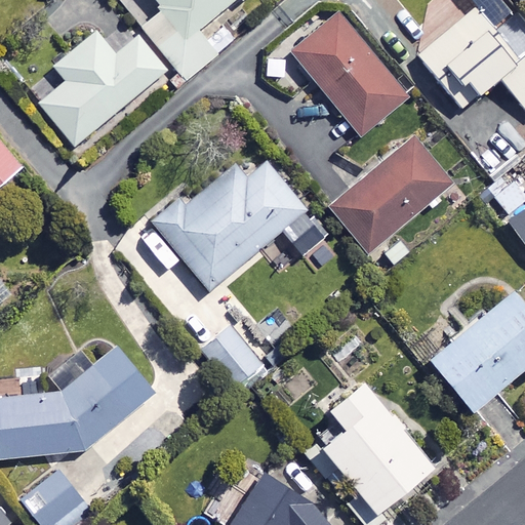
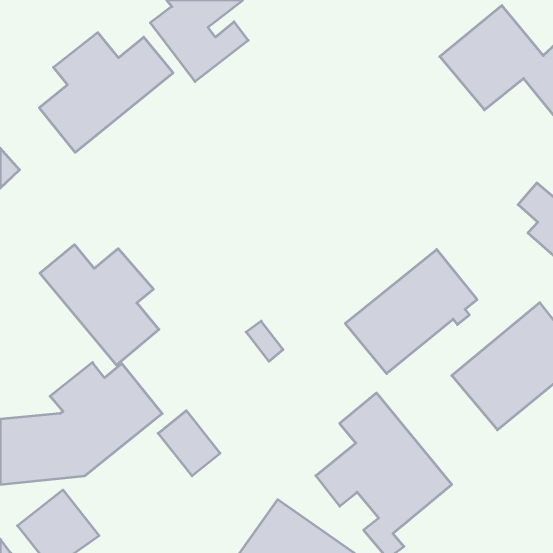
building: [290,14,407,137] -> none
building: [328,136,452,253] -> [345,249,477,374]
building: [152,159,327,288] -> none
building: none -> [40,245,159,365]
building: [202,324,260,386] -> [158,411,220,476]

